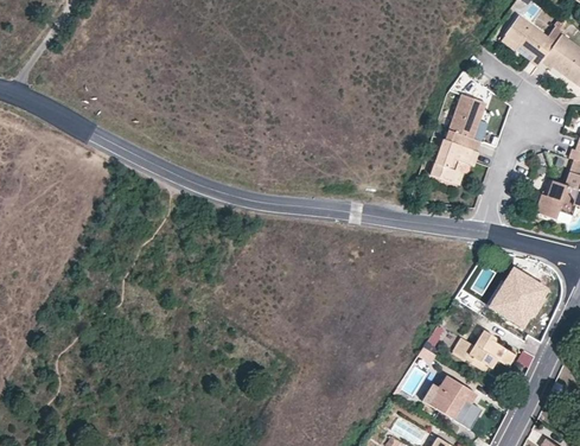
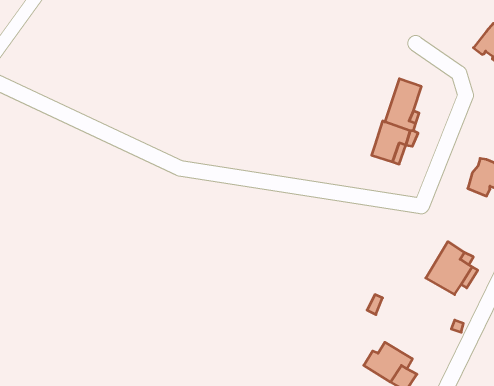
building: [502,15,555,65] -> none
building: [452,330,515,368] -> none

